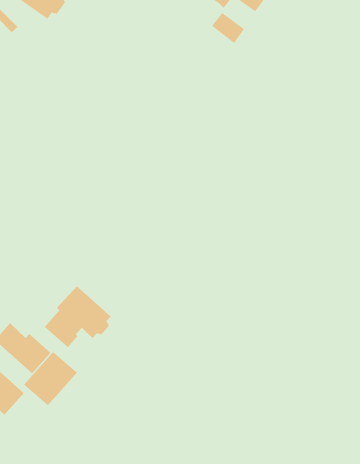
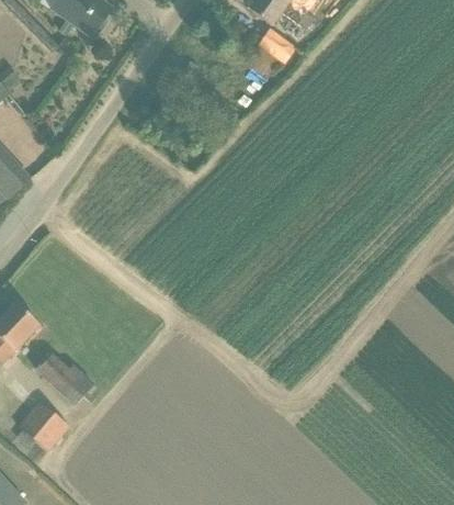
building: [44,285,112,348] -> none
building: [23,351,78,406] -> none

